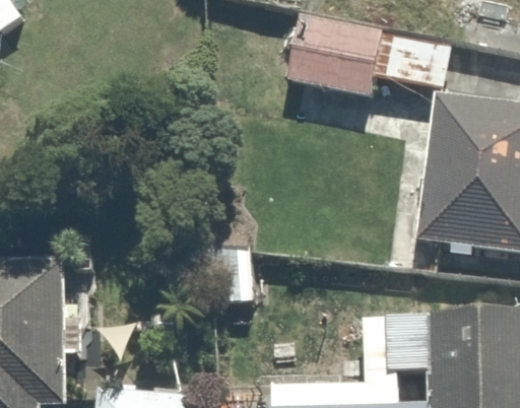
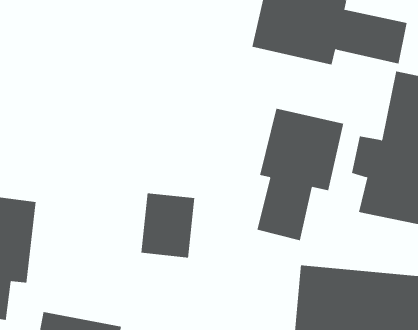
building: none -> [257,108,344,241]

